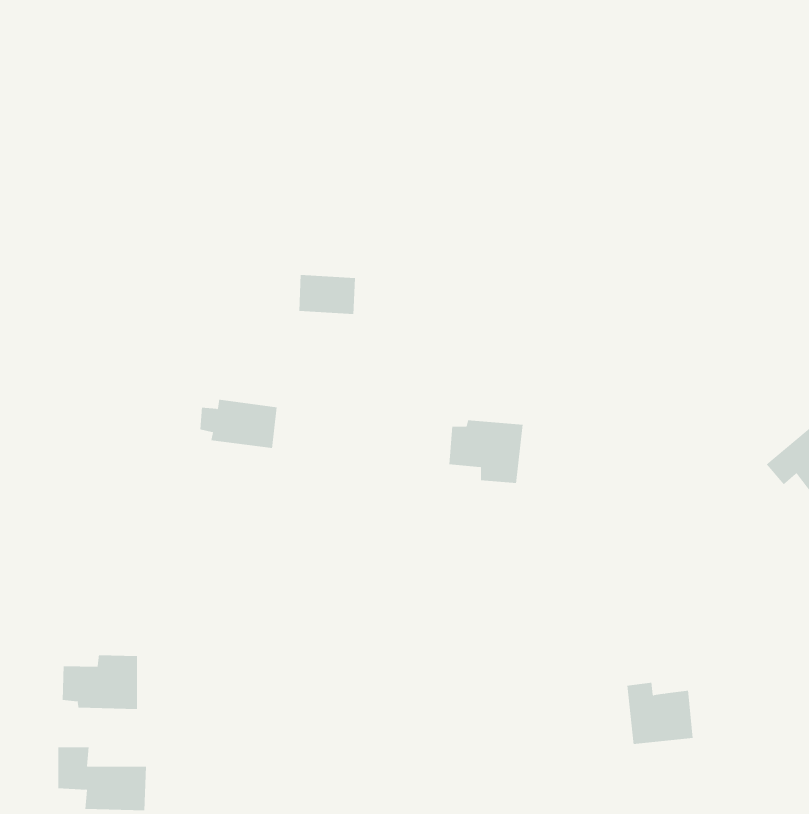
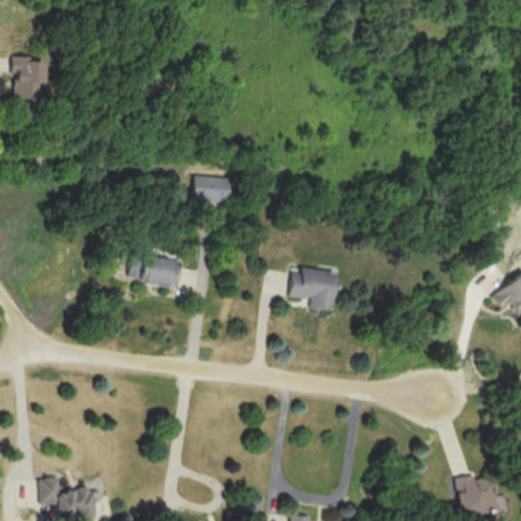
building: none -> [12,56,44,101]
building: [62,655,138,710] -> none
building: [626,682,694,744] -> [457,475,500,515]

